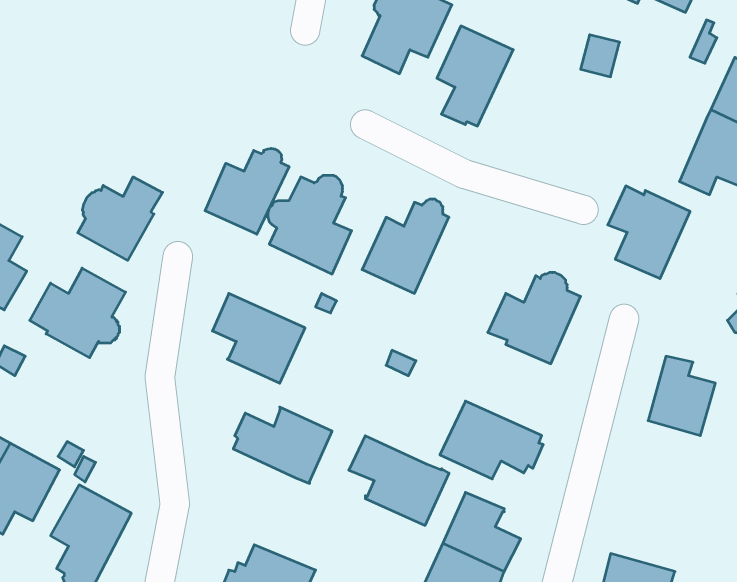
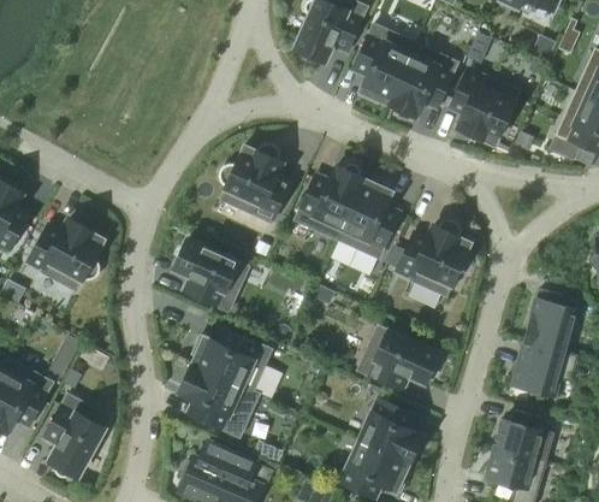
building: none -> [387,43,457,118]
building: [205,148,289,234] -> none
building: [78,177,163,260] -> none
building: [608,186,690,279] -> [452,71,518,146]
building: none -> [337,178,398,259]
building: none -> [512,342,577,397]
building: [349,436,449,525] -> [178,365,259,437]
building: none -> [494,411,553,463]

